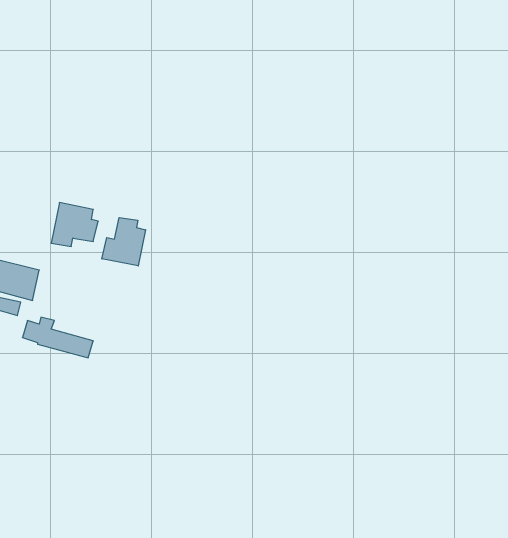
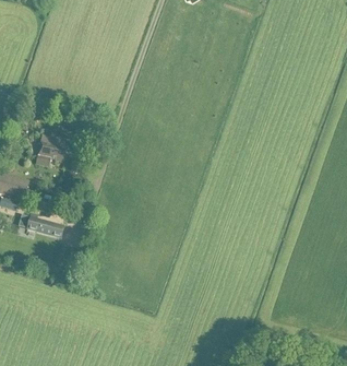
building: [102,218,146,266] -> none

